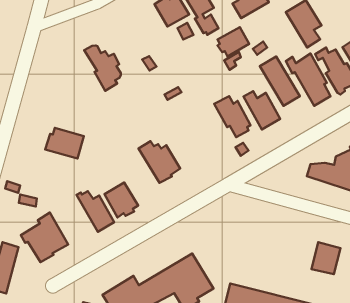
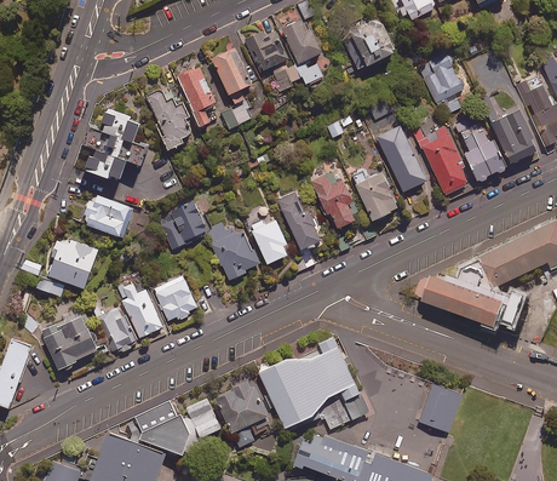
building: none -> [209,46,252,104]
building: none -> [177,65,214,126]
building: [217,27,249,57] -> none
building: none -> [82,108,145,182]
building: none -> [276,191,320,251]
building: none -> [160,201,205,250]
building: none -> [251,221,286,264]
building: none -> [47,240,98,290]
building: none -> [98,309,136,353]
building: none -> [265,340,378,429]

